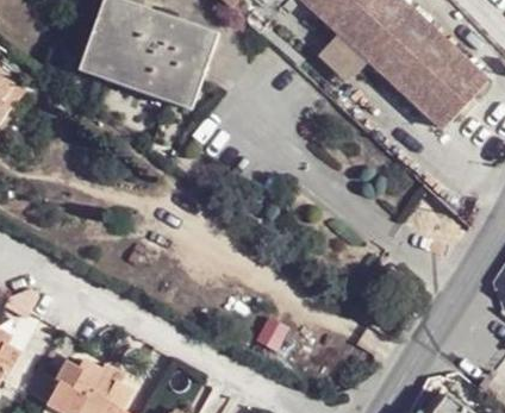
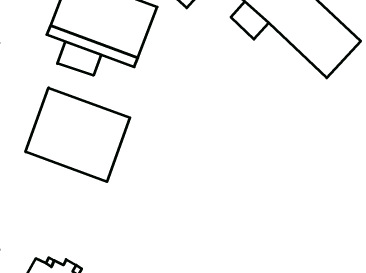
building: none -> [57,42,101,75]
building: none -> [26,88,130,182]

